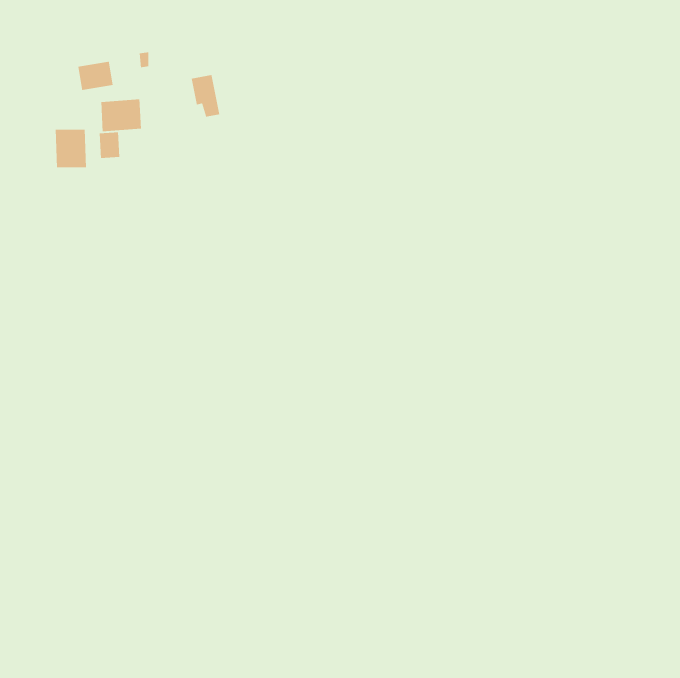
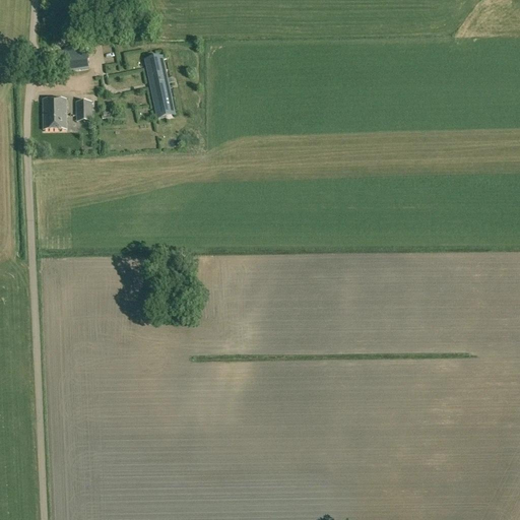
building: [101,99,141,132] -> none
building: none -> [151,87,173,117]

